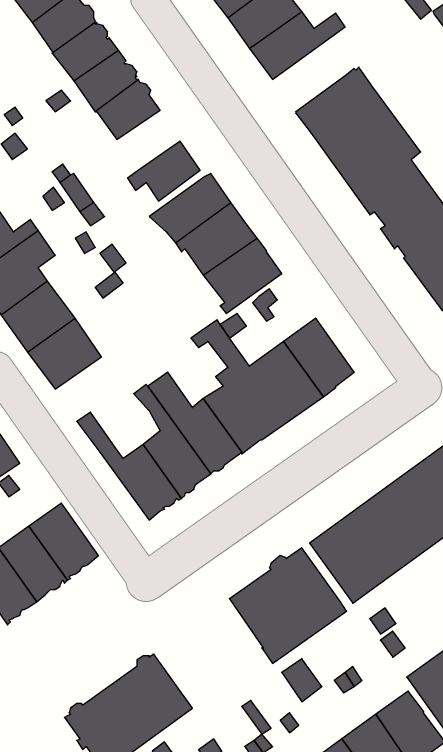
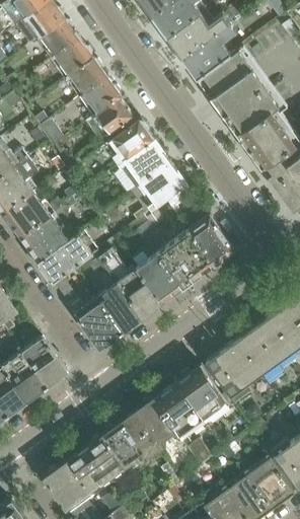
building: none -> [181,22,236,78]
building: none -> [79,77,122,117]
building: none -> [39,232,93,282]
building: none -> [103,398,175,470]

